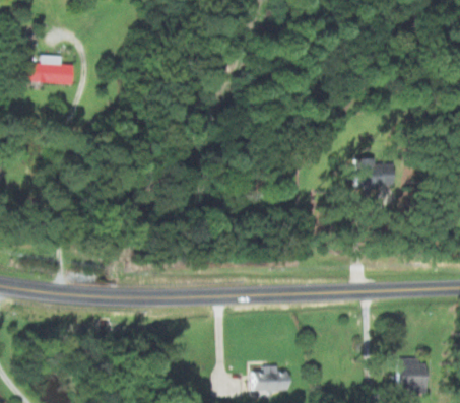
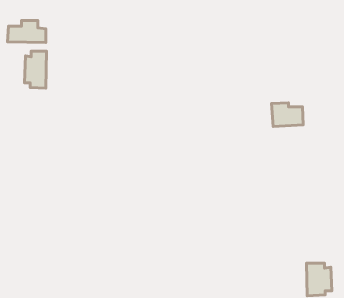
building: none -> [25,51,46,88]
building: [252,366,288,391] -> none

